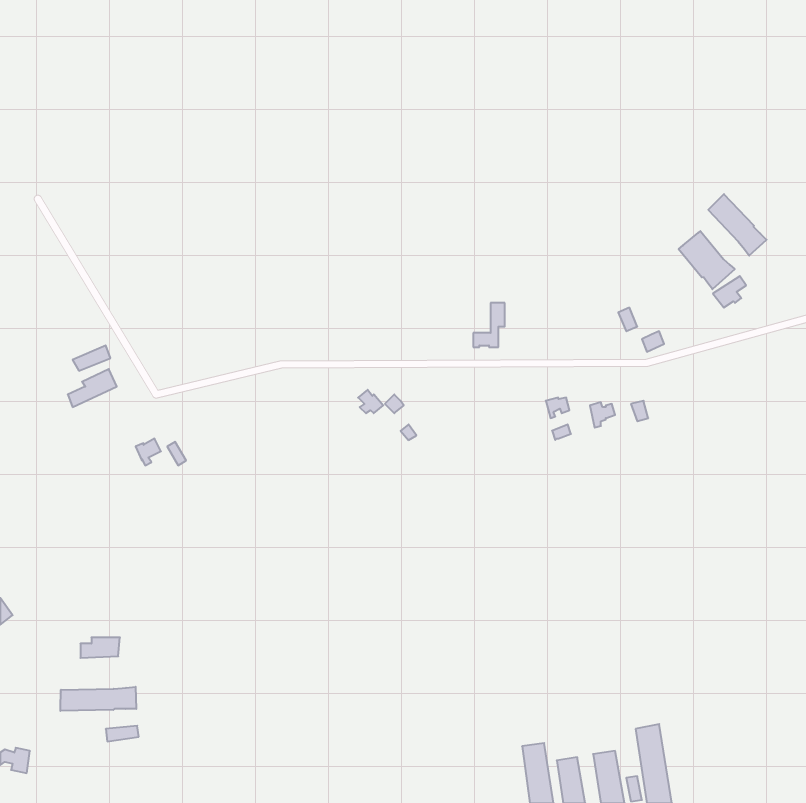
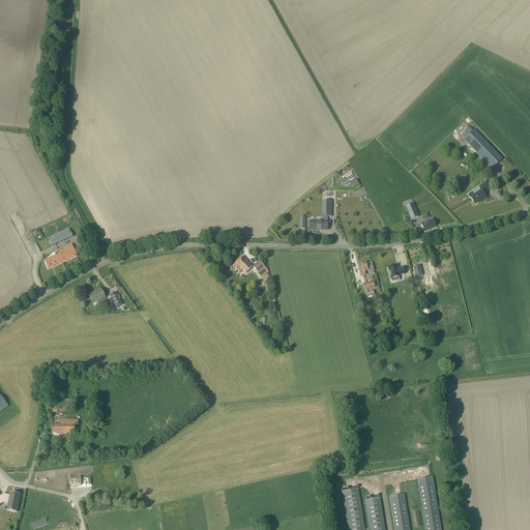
building: [679,231,735,289] -> none
building: [60,687,136,711] -> none

